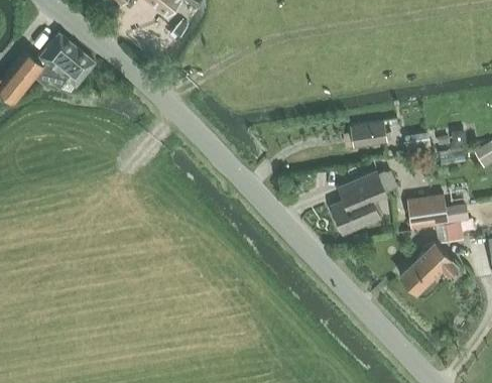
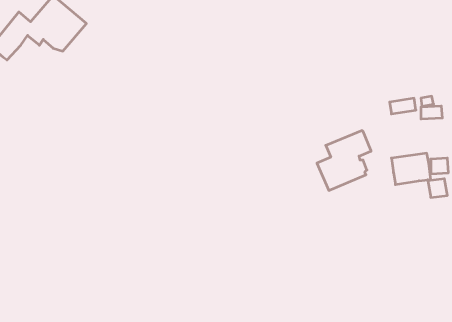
building: [352,121,387,147] -> none
building: [400,241,457,292] -> none

